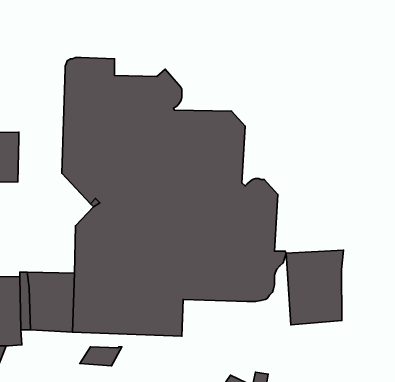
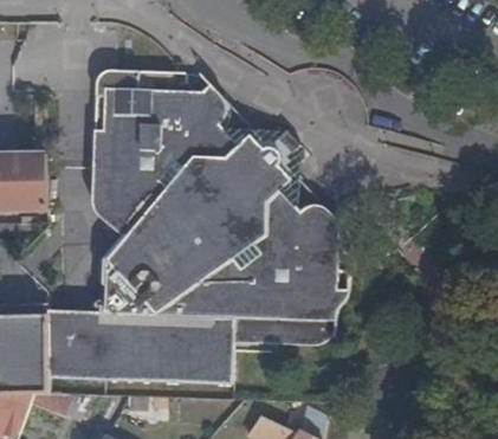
building: [286,250,343,325] -> none

